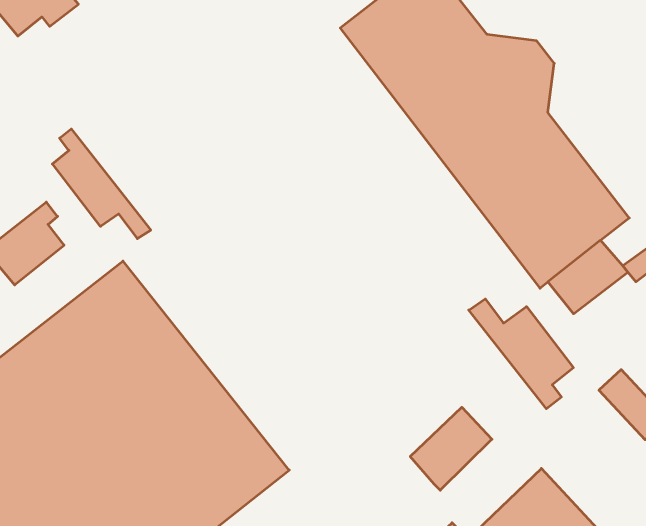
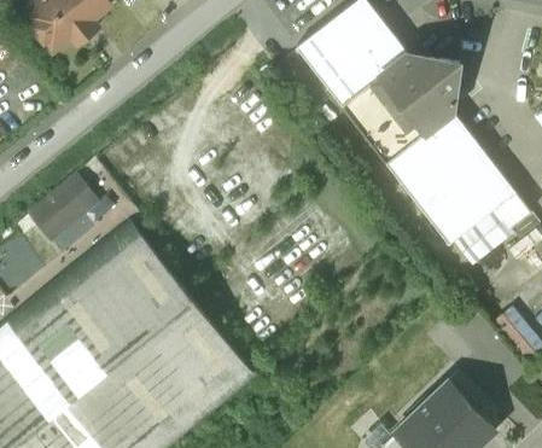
building: [52,129,151,239] -> none
building: [469,299,573,409] -> none
building: [410,407,492,490] -> none

